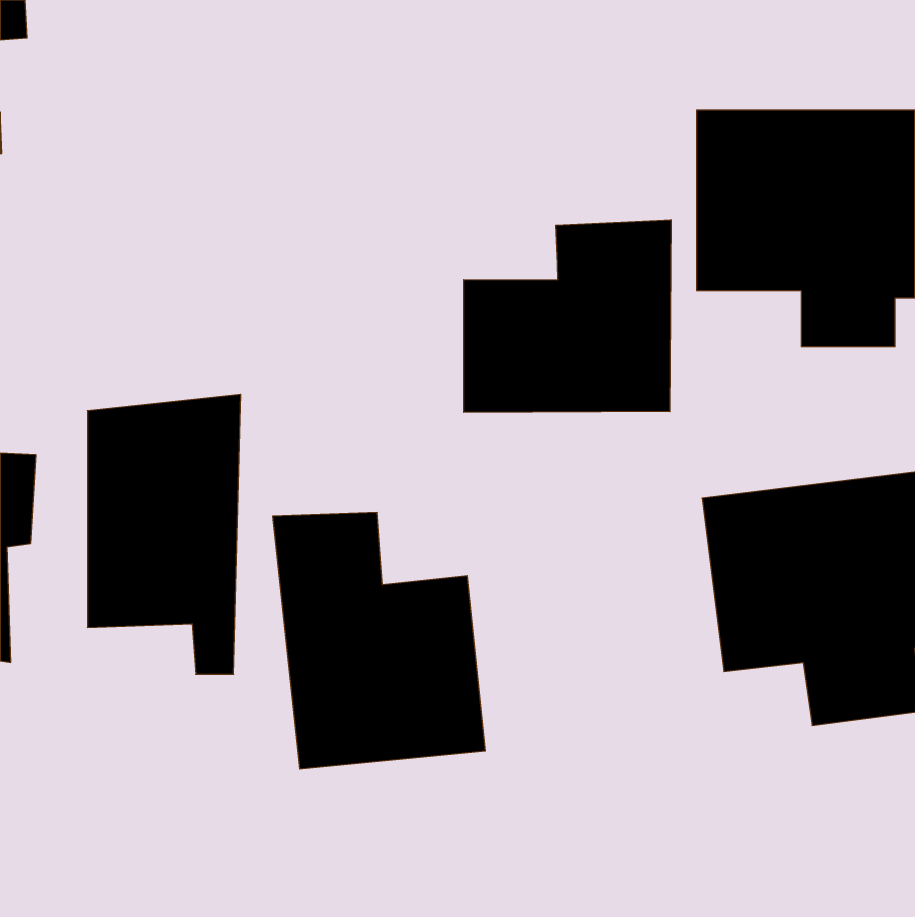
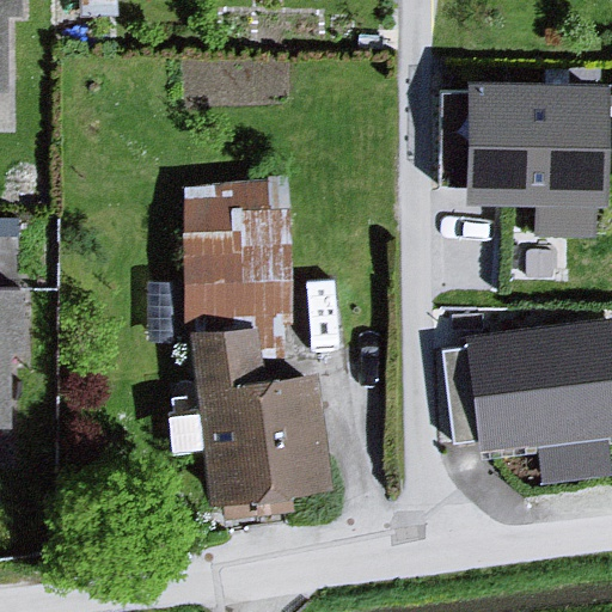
building: [464,220,671,412] -> none
building: [87,394,241,674] -> [185,191,287,377]

